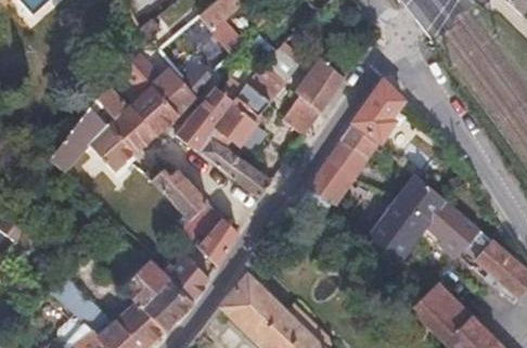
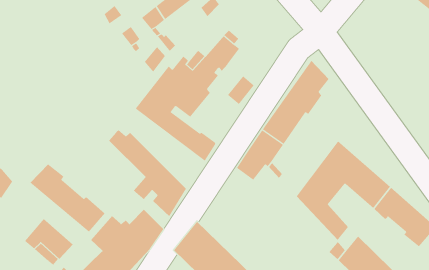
building: [50,55,195,171] -> none
building: [296,56,345,109] -> none
building: none -> [30,163,105,233]

